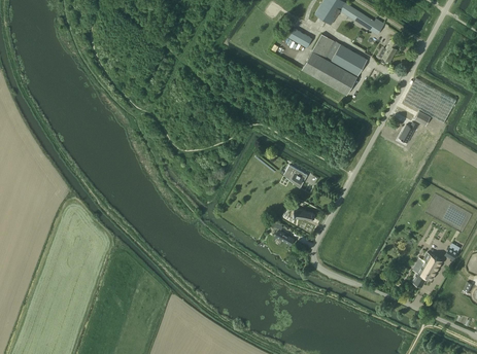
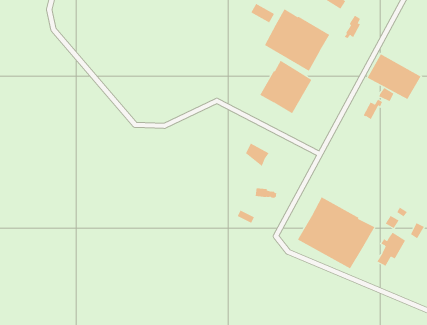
building: none -> [259,60,312,114]
building: none -> [297,197,375,269]

